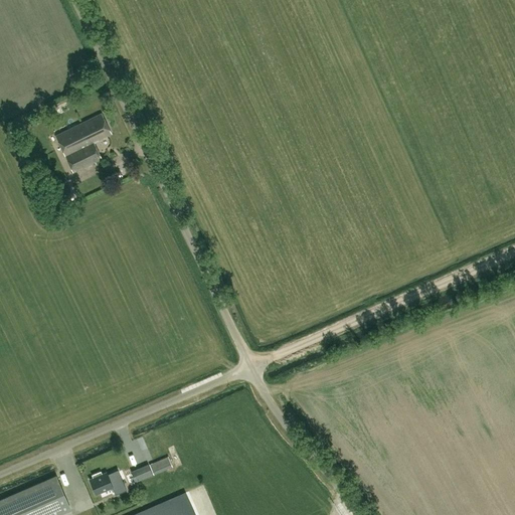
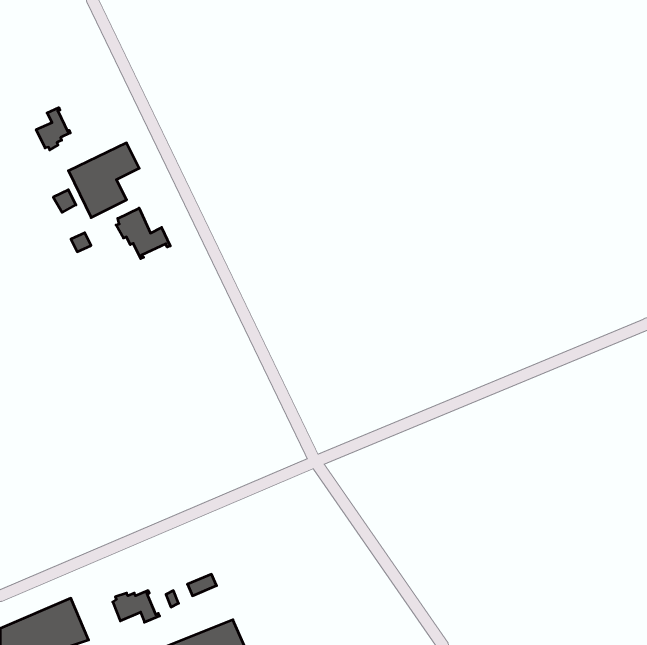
building: none -> [36,108,70,150]
building: none -> [116,208,170,259]

